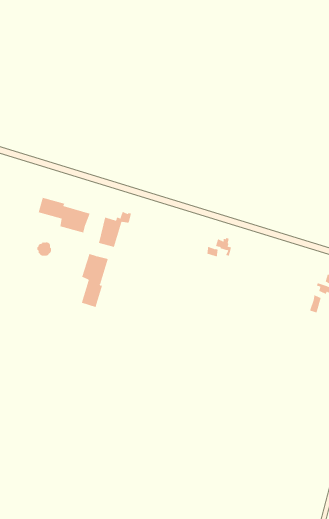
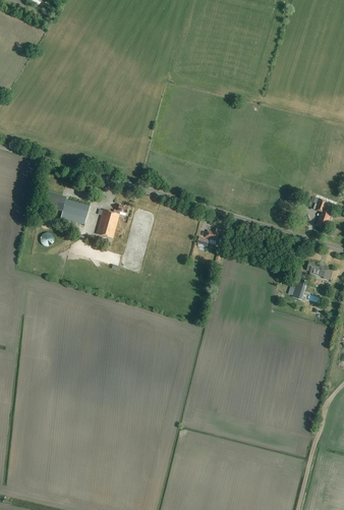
building: [81,253,109,308] -> none

